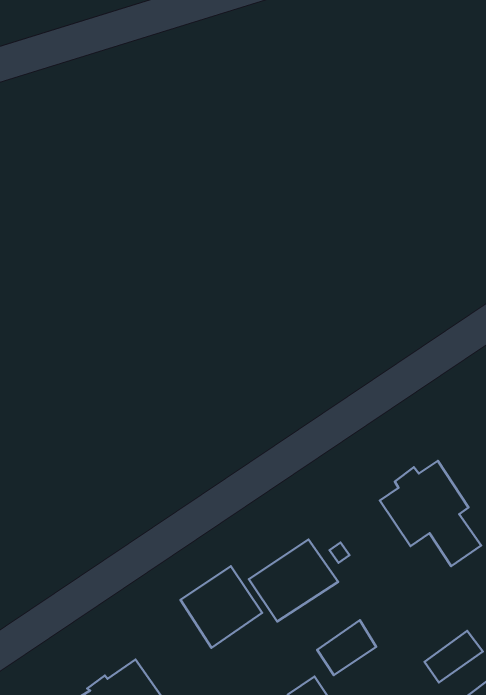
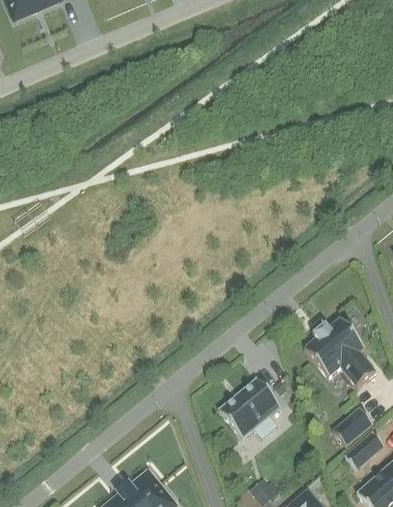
building: [181,566,262,648] -> none
building: [317,620,376,675] -> [333,406,373,445]

